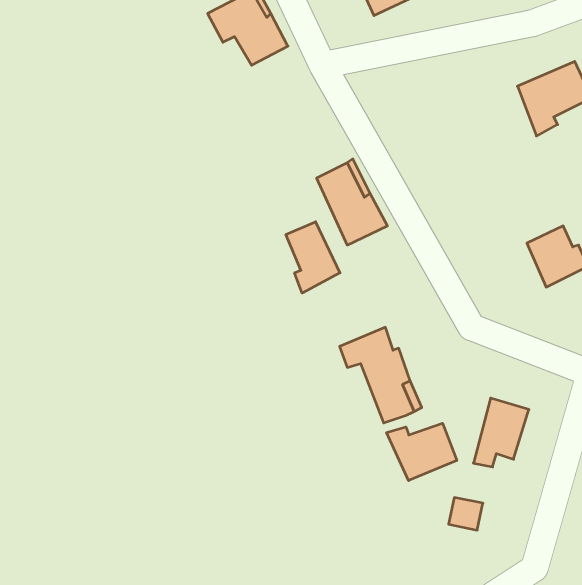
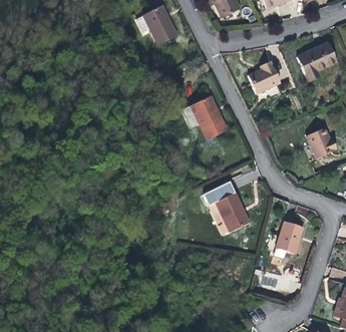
building: none -> [250,62,281,93]
building: [286,222,340,293] -> none
building: [387,423,457,481] -> none

